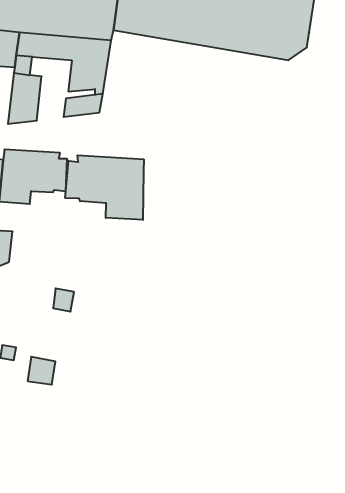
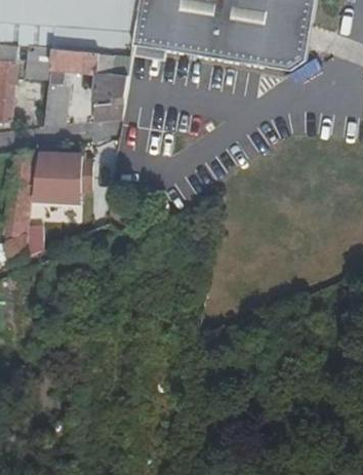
building: [65,155,144,220] -> none

